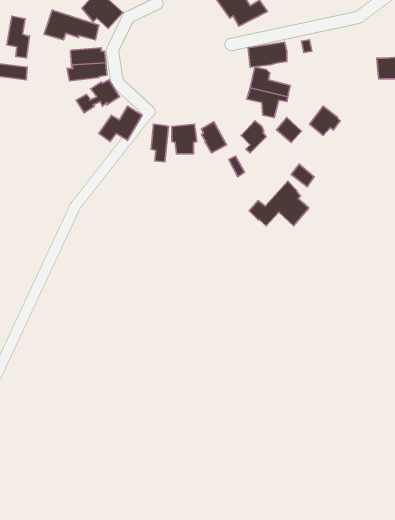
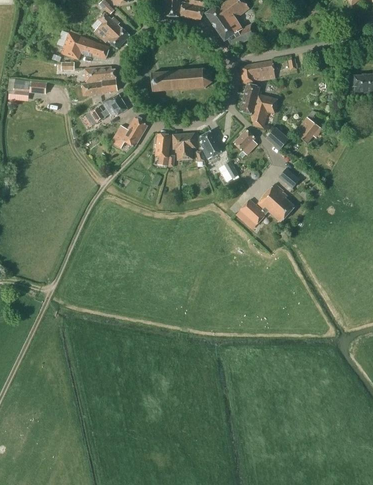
building: [7,16,29,58] -> none
building: none -> [152,69,212,91]

